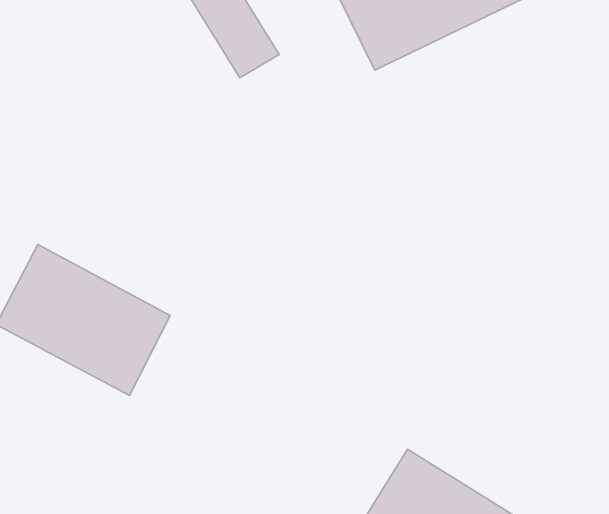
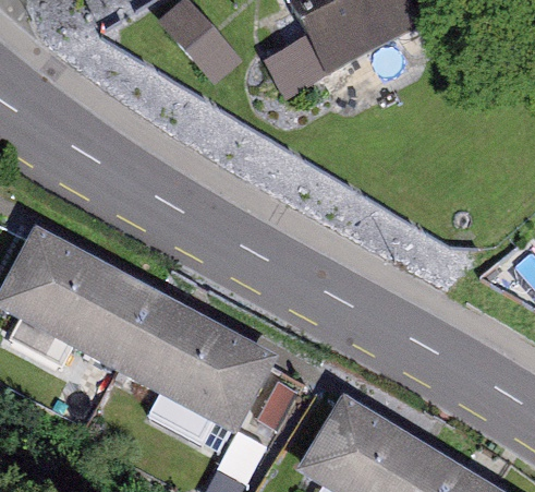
building: none -> [109,284,262,417]

